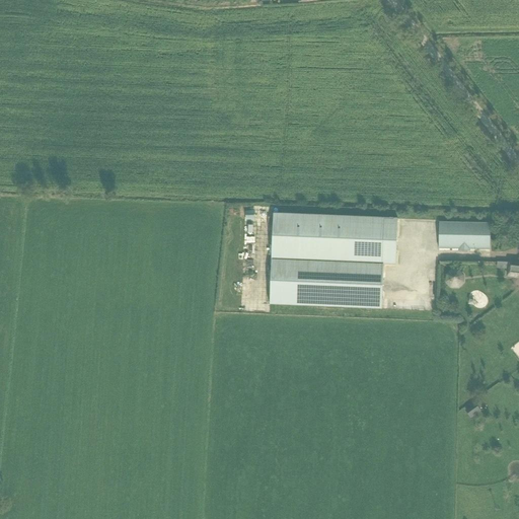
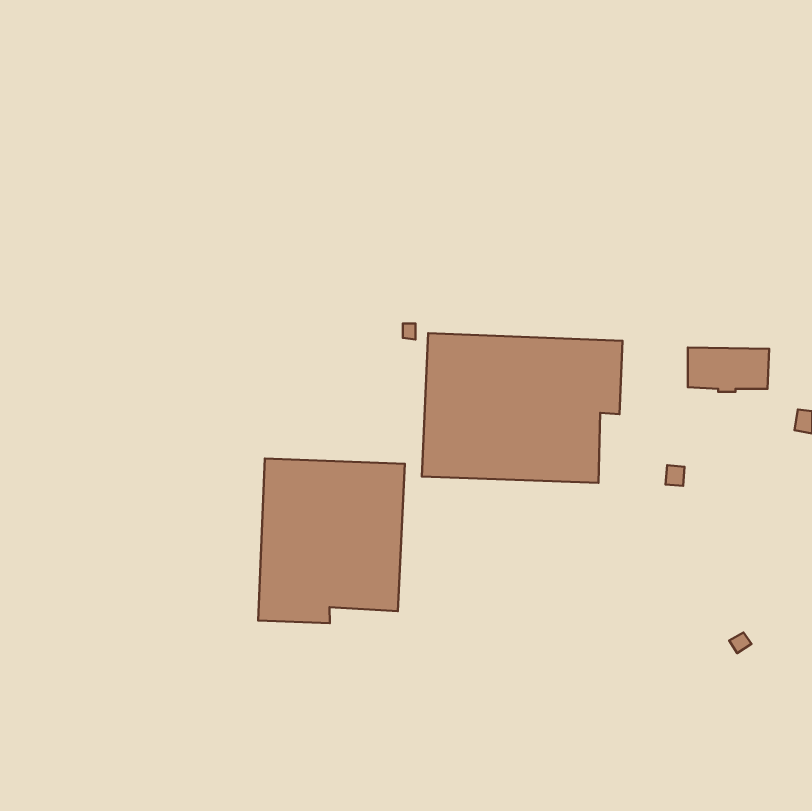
building: none -> [258,458,405,623]

